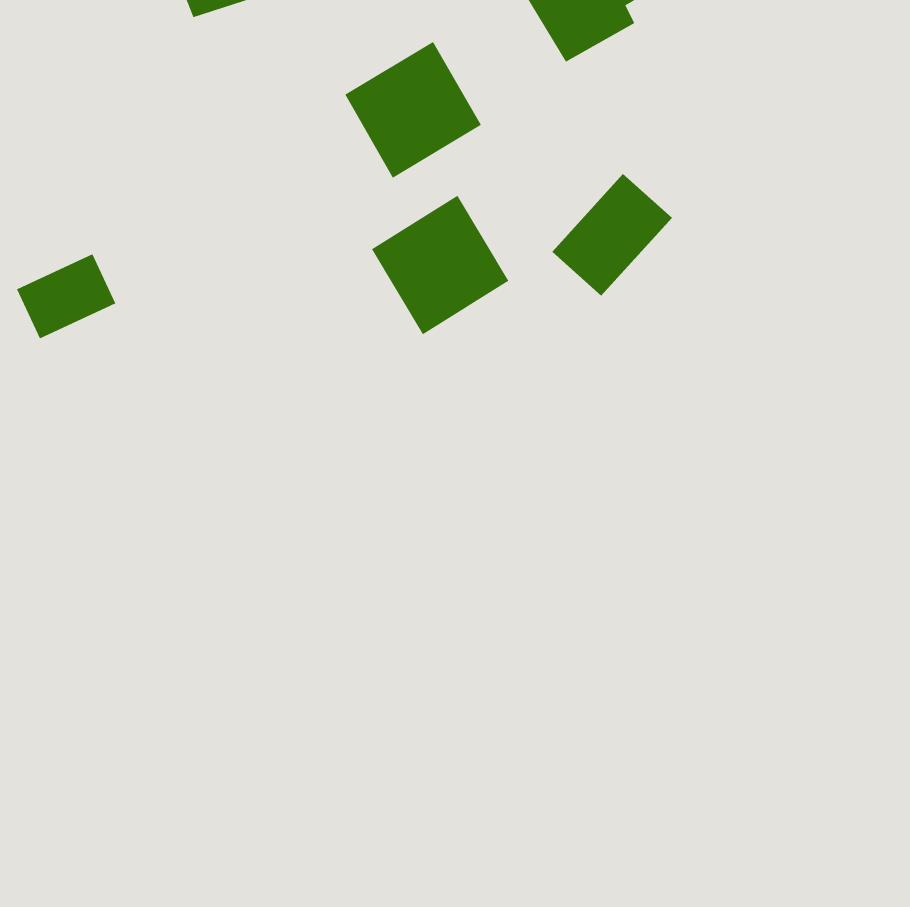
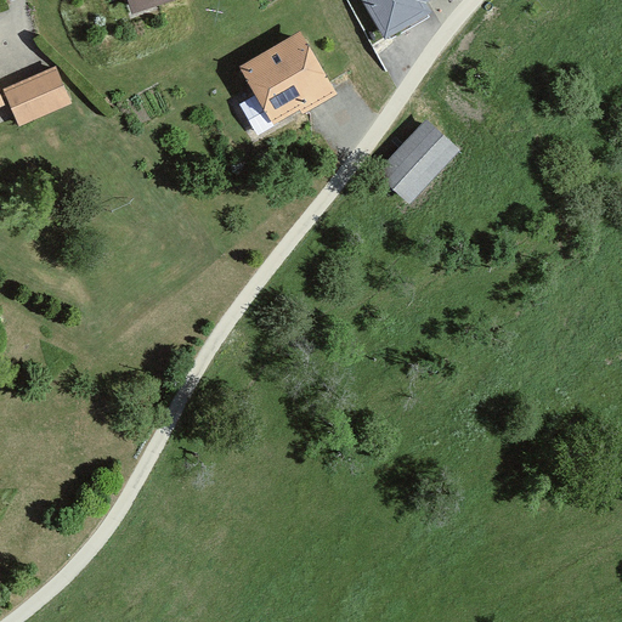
building: [371,195,509,335] -> none
building: [16,254,116,339] -> [6,67,74,125]

